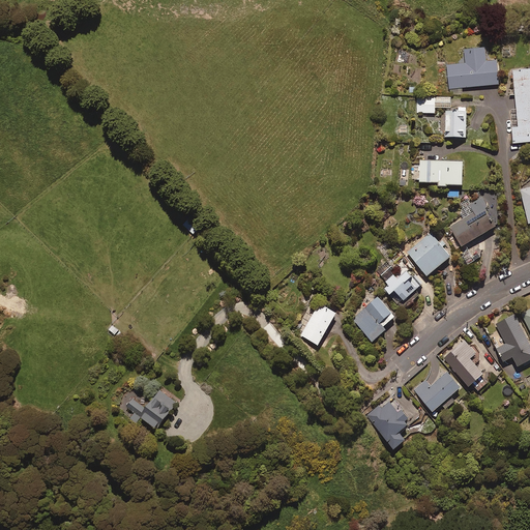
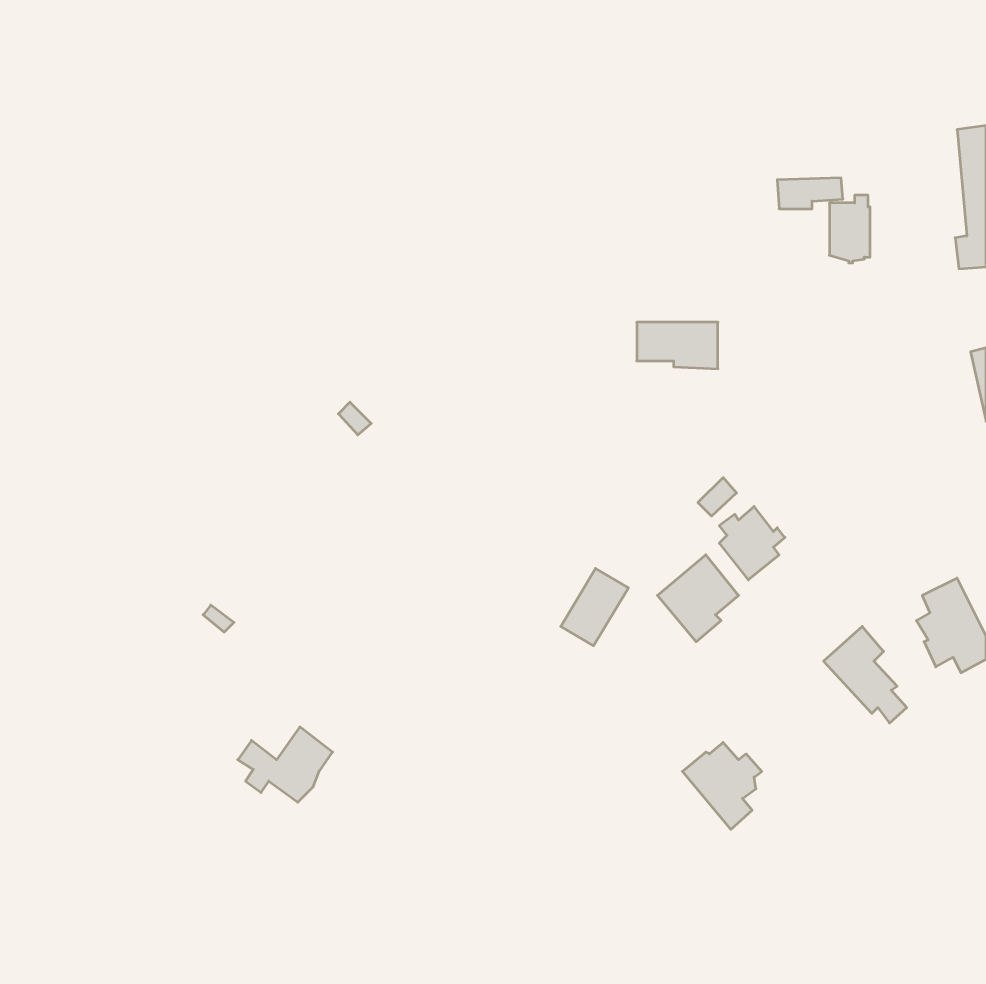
building: [447,48,498,88] -> none
building: [419,163,463,187] -> [637,322,718,369]
building: [450,198,497,247] -> none
building: [407,232,451,277] -> none
building: [413,369,459,407] -> none

